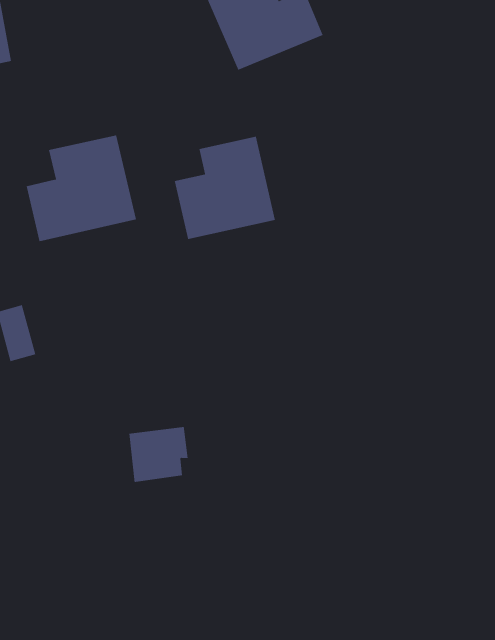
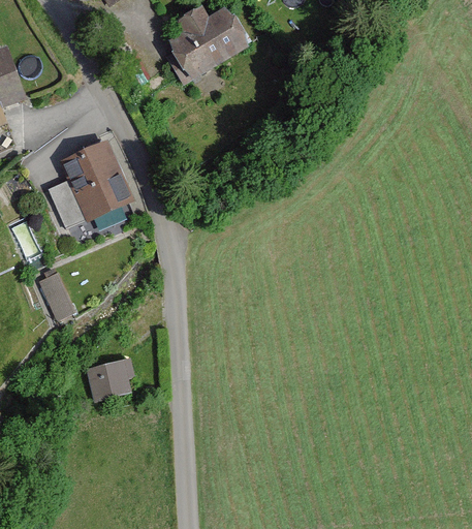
building: [174,136,275,240] -> none
building: [129,426,188,482] -> [87,356,133,403]

